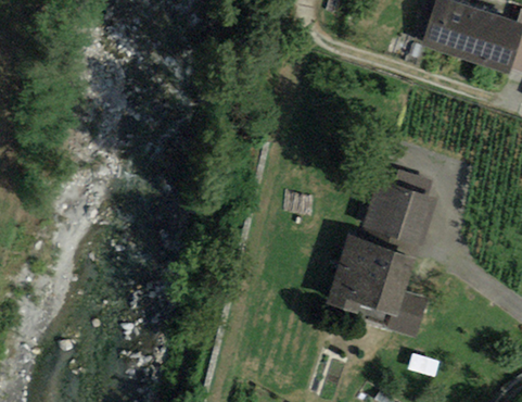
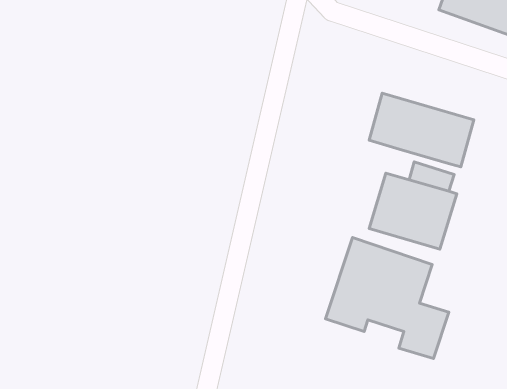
building: none -> [369,93,474,167]

